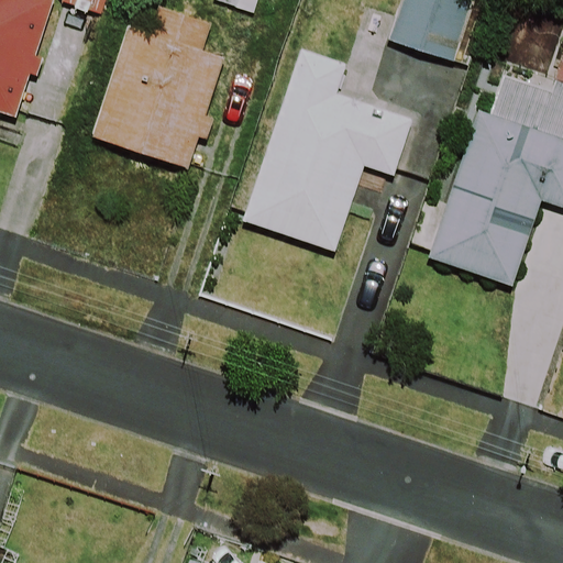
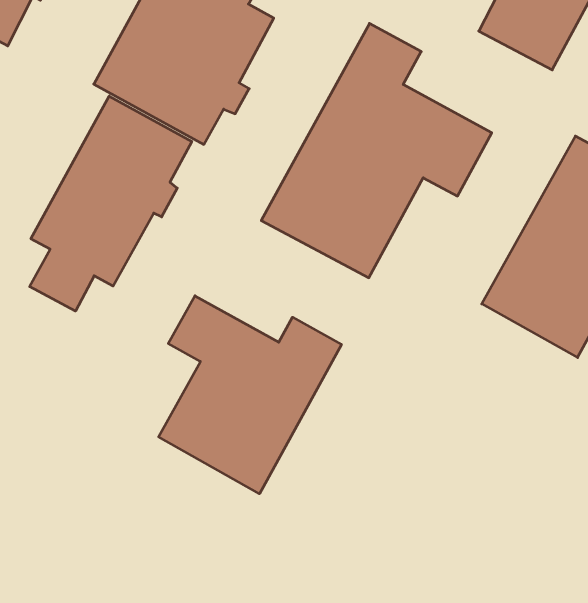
building: none -> [30,96,192,311]
building: none -> [159,296,341,494]

